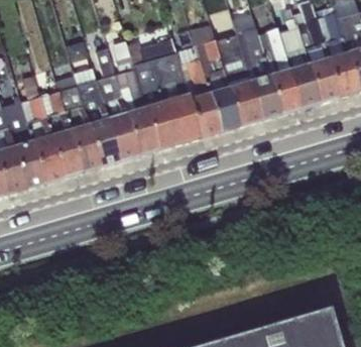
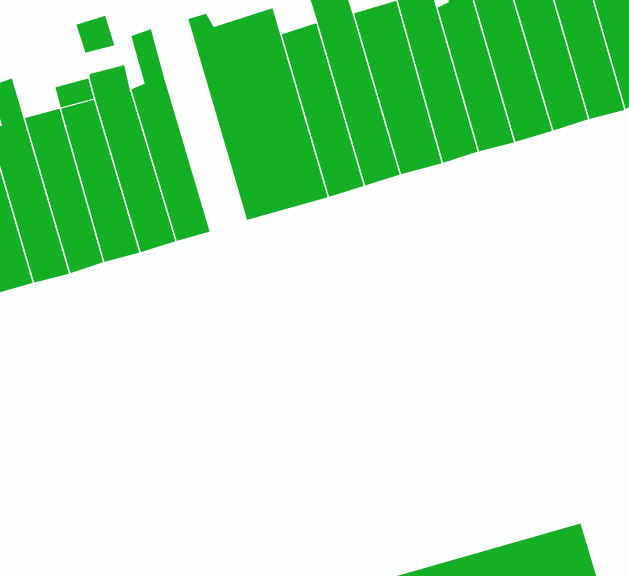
building: [112,40,156,156] -> none

